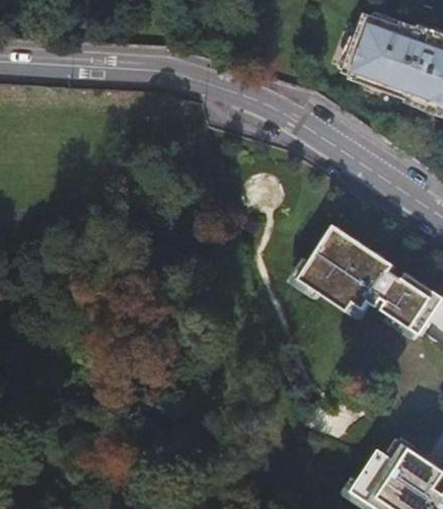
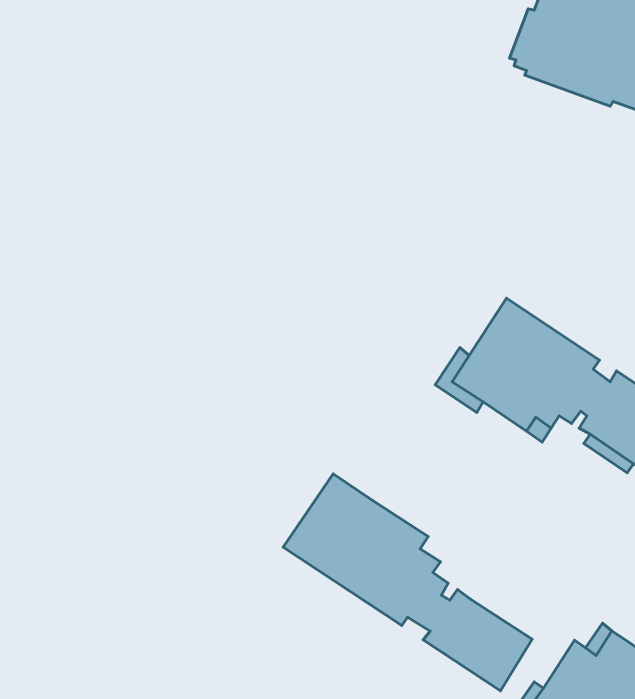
building: none -> [283,474,532,691]

